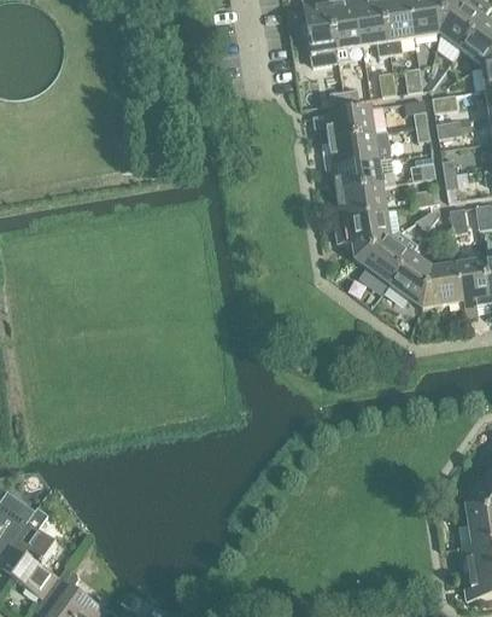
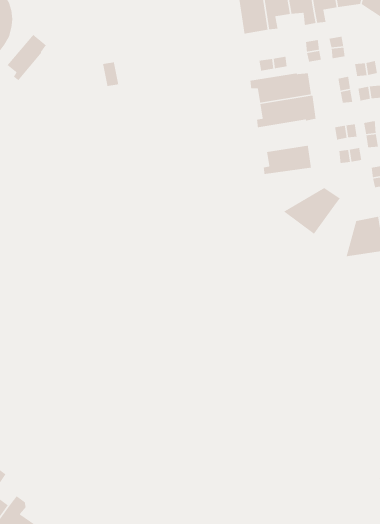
building: none -> [7,34,47,81]
building: [327,159,394,193] -> none
building: [334,210,399,258] -> none
building: [388,252,433,308] -> none

